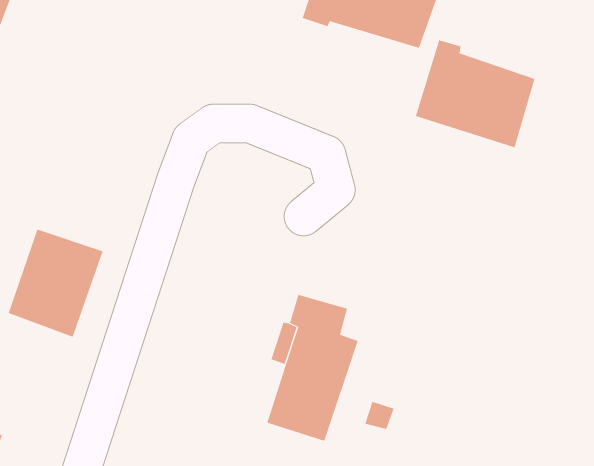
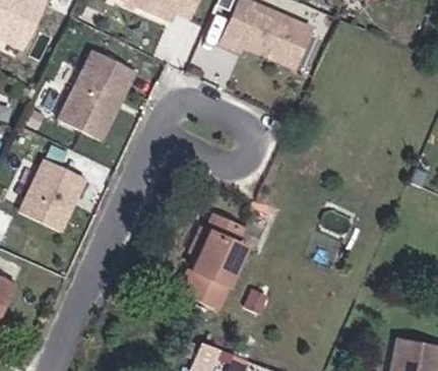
building: [415,39,535,148] -> none
building: none -> [59,50,135,140]

